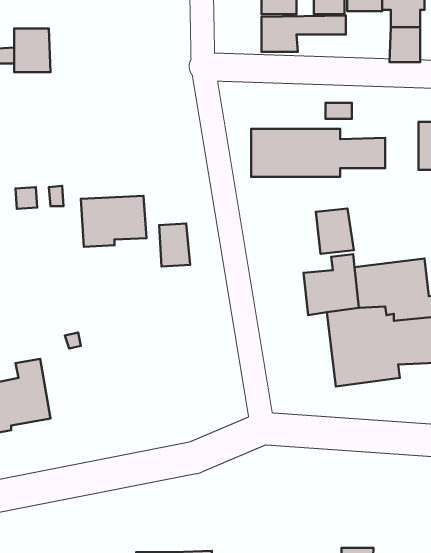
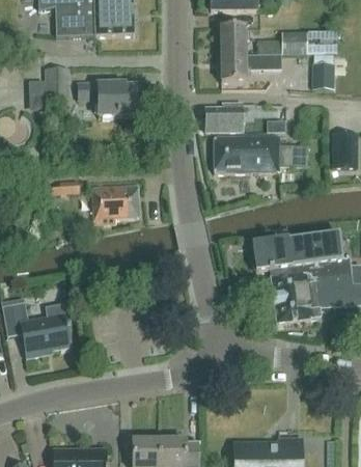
building: none -> [79,83,135,115]
building: none -> [207,104,241,132]
building: [316,208,354,254] -> none
building: [159,223,190,267] -> none

